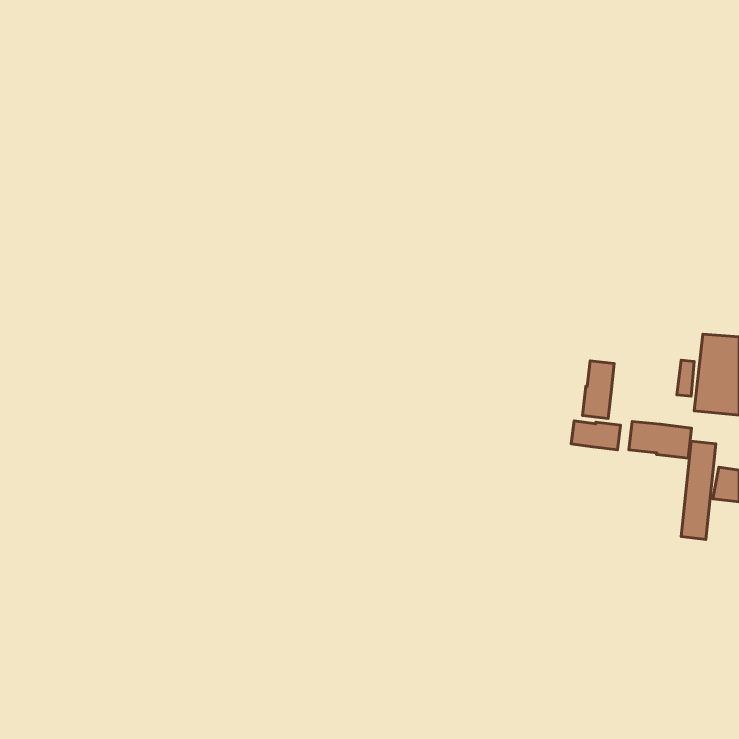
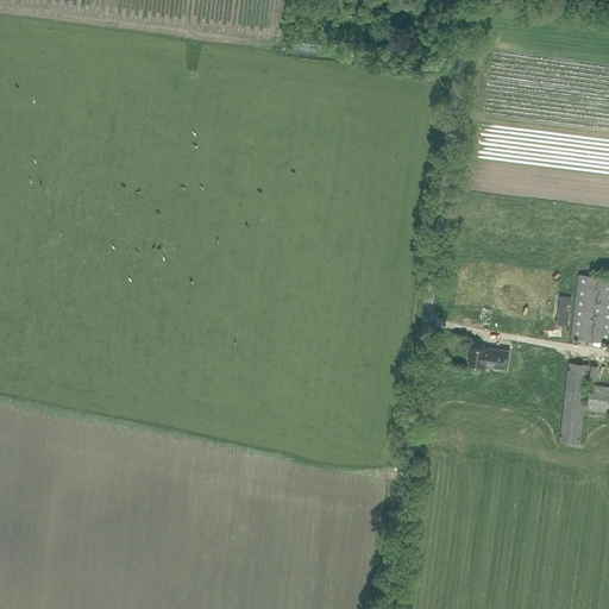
building: [582,361,614,418] -> none
building: [629,421,692,458] -> none

